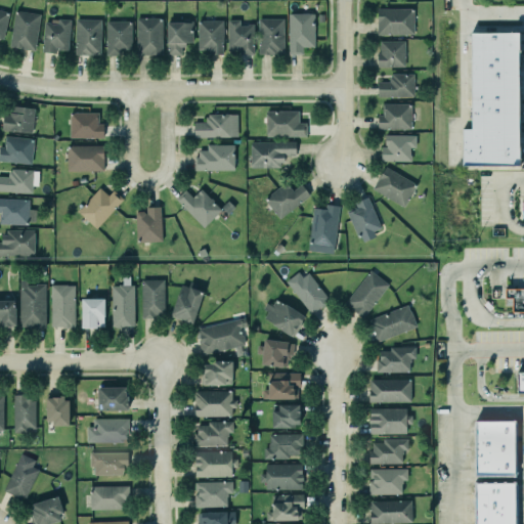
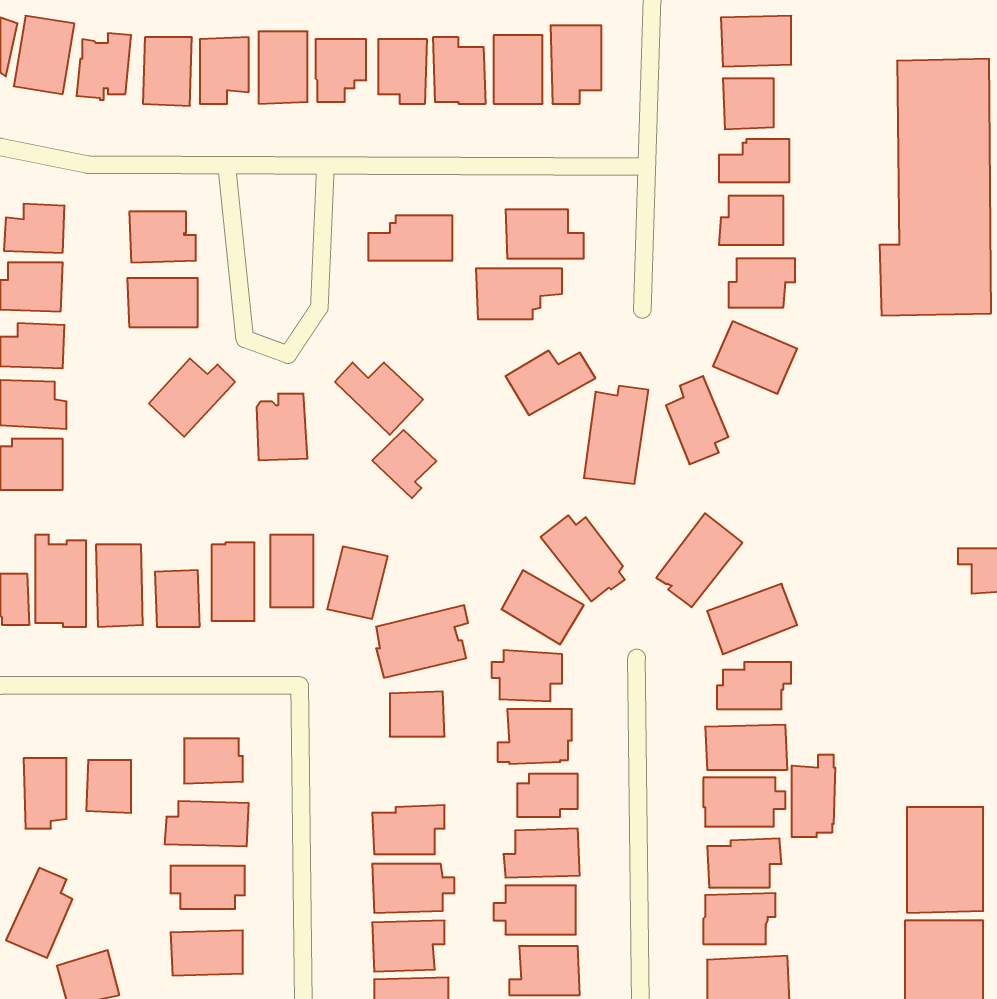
building: [194,144,234,170] -> none
building: none -> [372,430,436,498]
building: [194,391,237,417] -> none
building: none -> [792,755,835,837]

